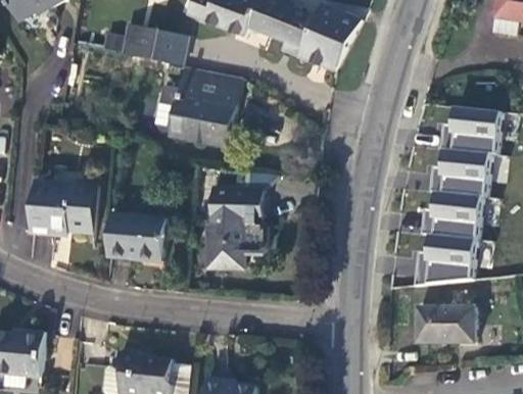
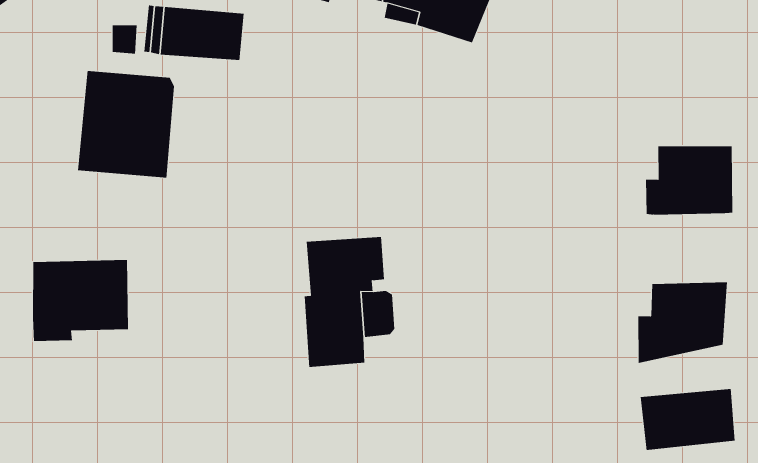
building: [171,70,239,145] -> [77,70,175,178]
building: [443,109,501,154] -> none
building: [423,193,482,241] -> none
building: [105,210,165,261] -> none

